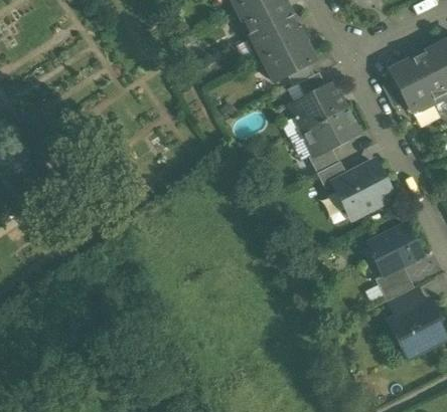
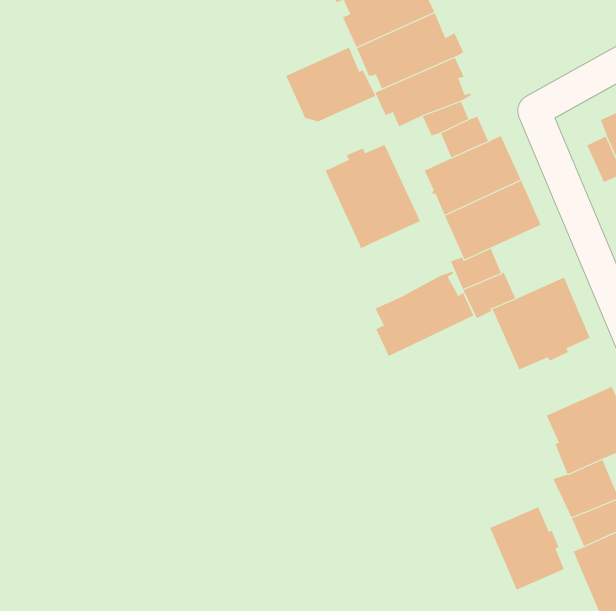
building: none -> [286,47,376,122]
building: none -> [325,144,421,249]
building: none -> [375,271,474,357]
building: none -> [489,507,565,591]

